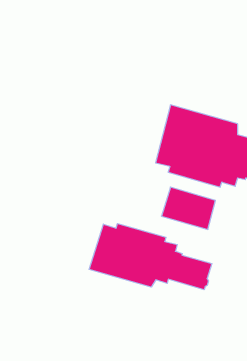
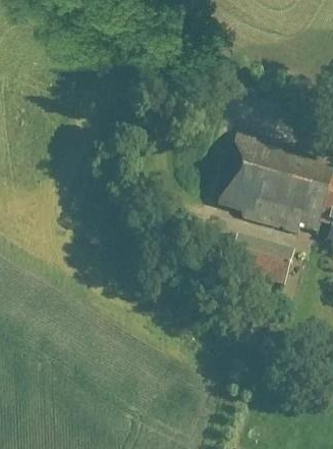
building: [89,224,212,290] -> none

